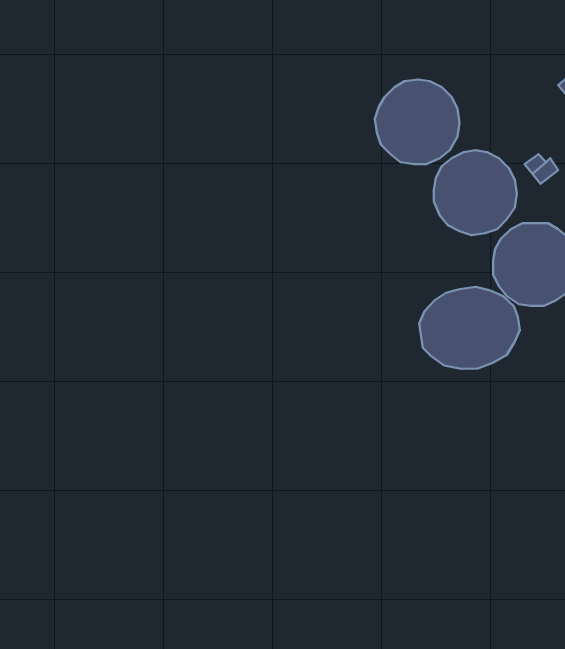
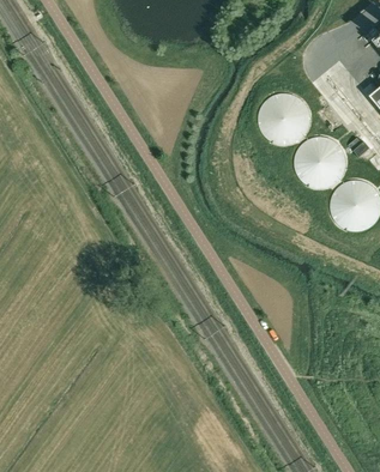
building: [419,287,520,369] -> none

